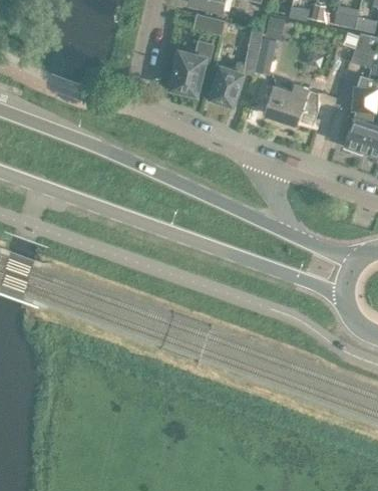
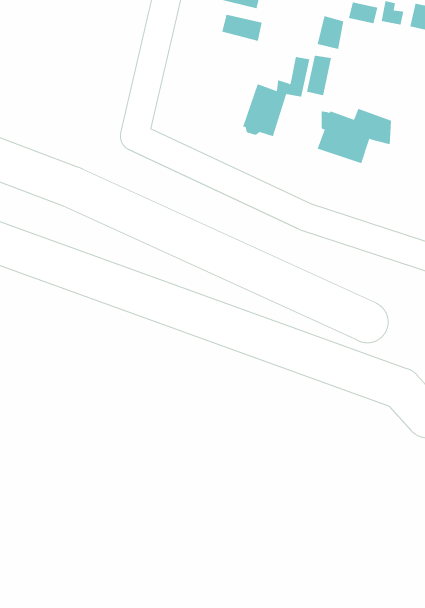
building: [170,40,214,93] -> none

